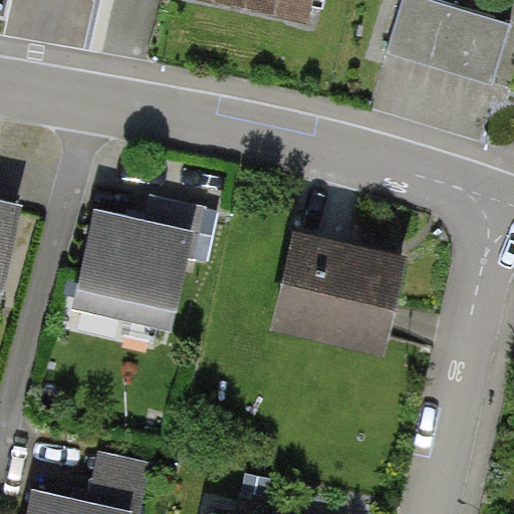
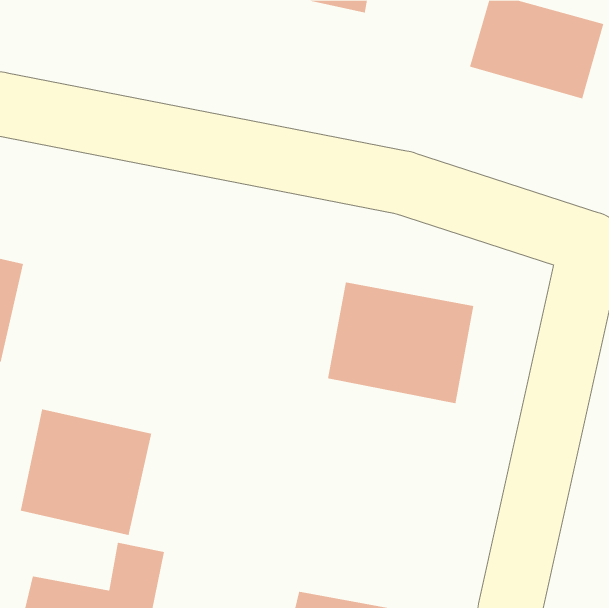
building: [73,210,194,329] -> none
building: none -> [20,408,152,536]

